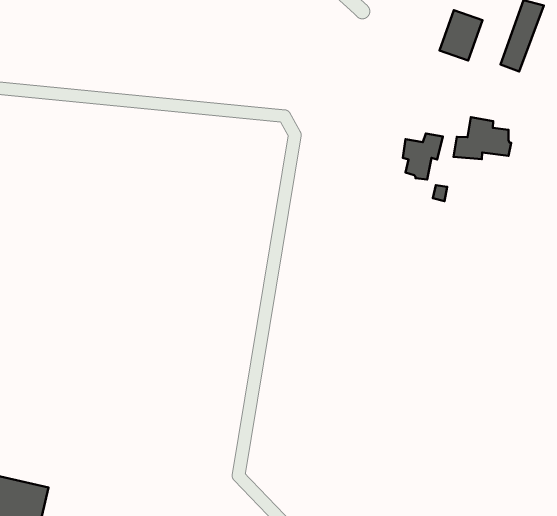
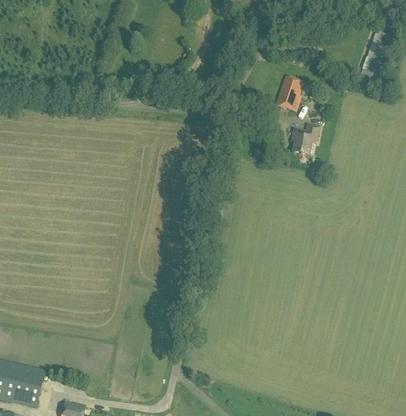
building: [439,10,483,61] -> [275,76,305,111]
building: [453,117,511,159] -> none

